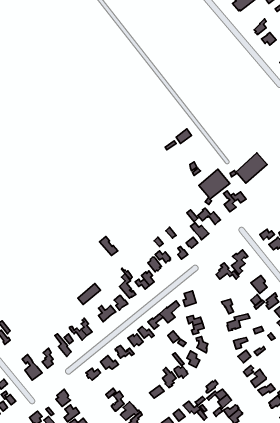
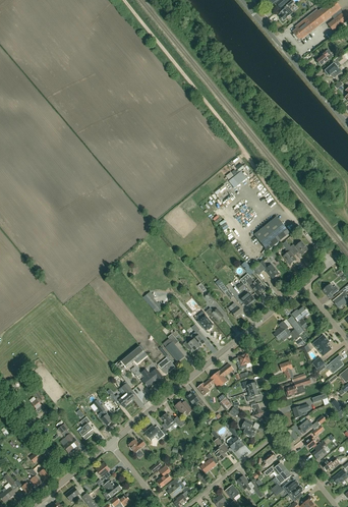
building: [230,153,267,183] -> none

